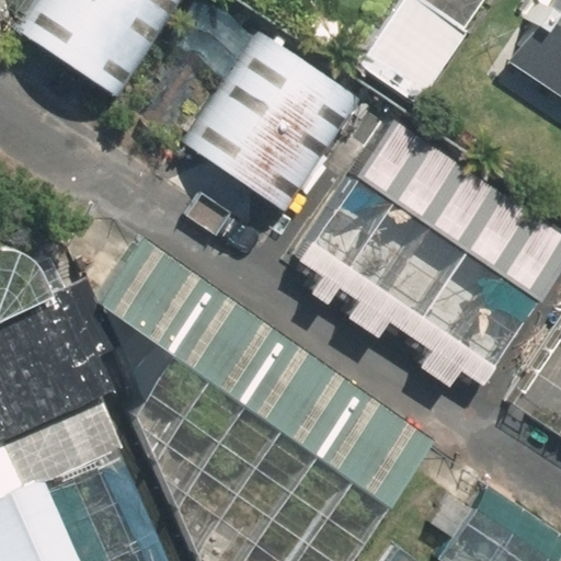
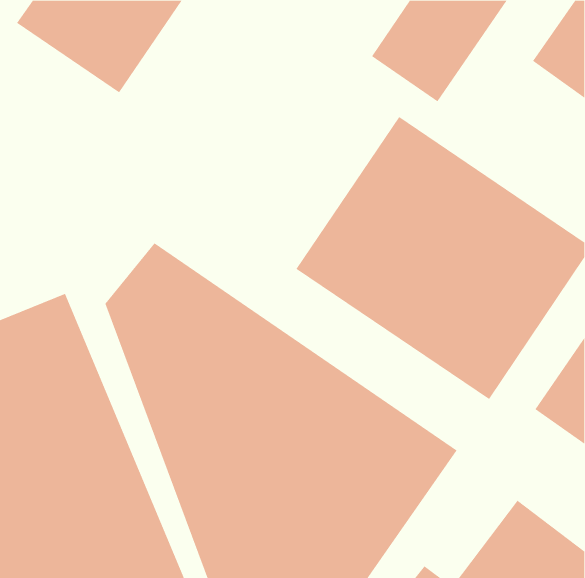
building: [181,27,368,219] -> none

